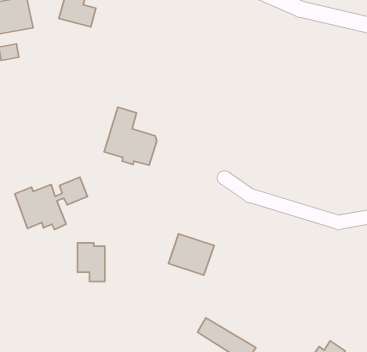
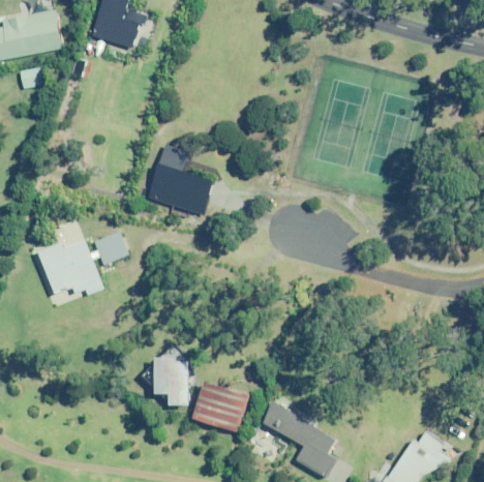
building: [168,234,214,275] -> [192,381,248,431]
building: [78,243,105,282] -> [155,357,188,404]

